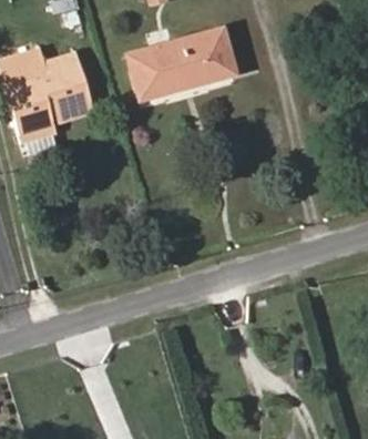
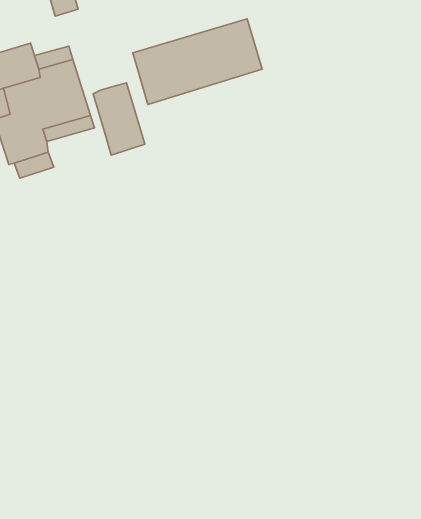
building: none -> [93,83,145,155]

